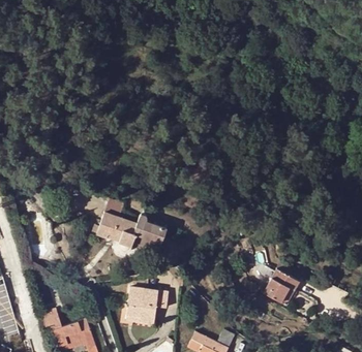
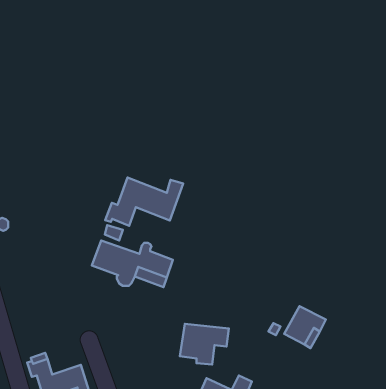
building: none -> [105,178,183,226]
building: [126,287,169,322] -> [180,324,229,364]

